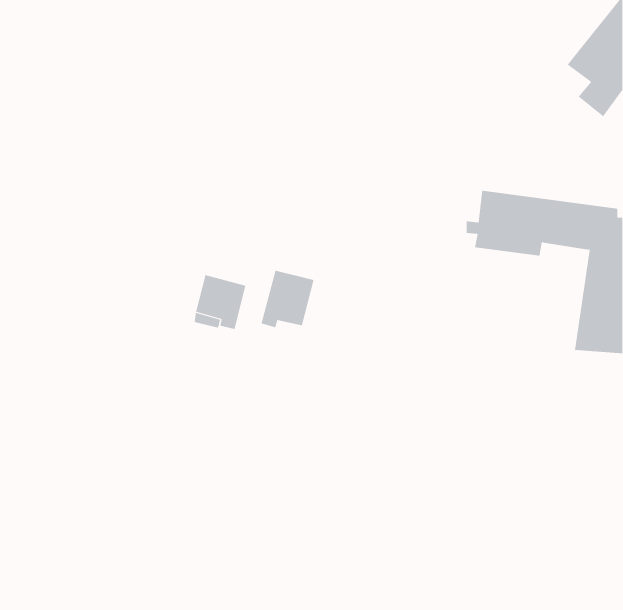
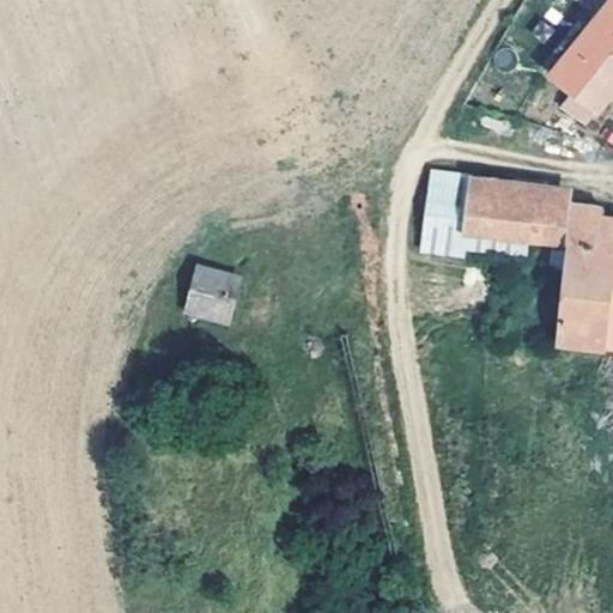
building: none -> [423,166,474,250]
building: [261,270,314,328] -> none

